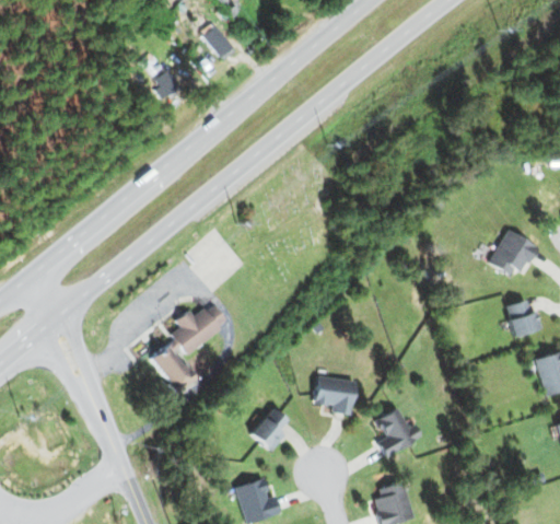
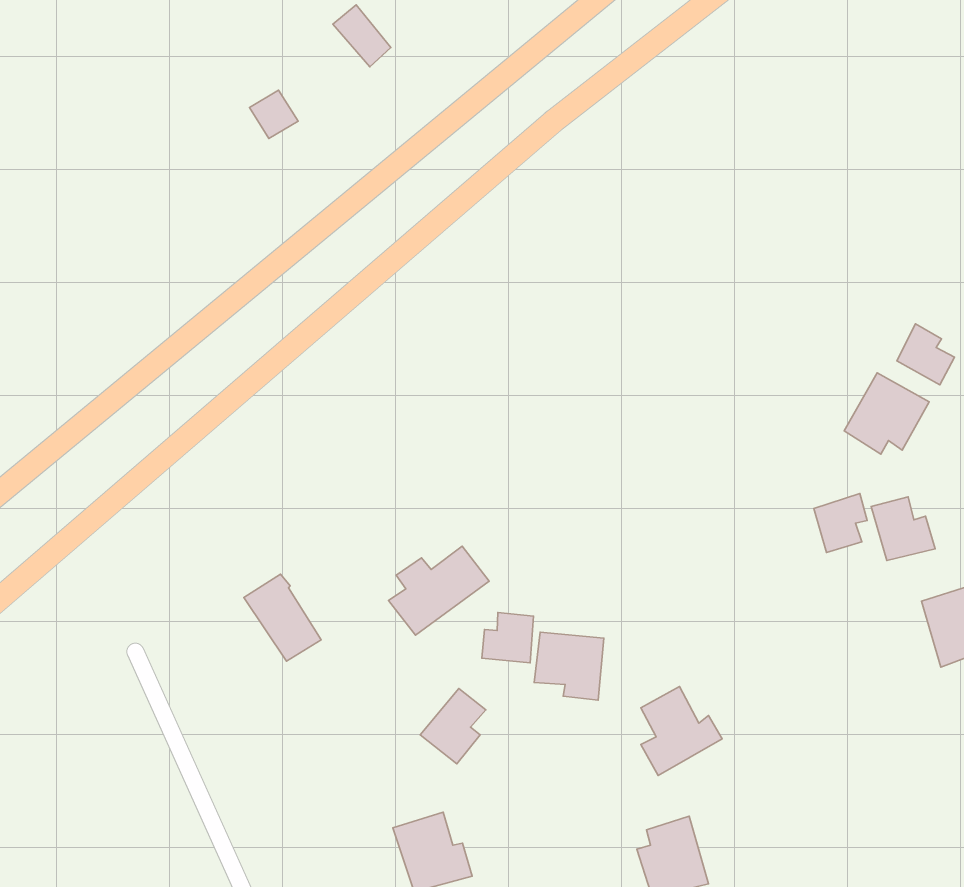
building: none -> [897,324,955,385]
building: none -> [814,494,867,552]
building: [172,303,229,353] -> [388,546,489,635]
building: none -> [482,613,533,663]

